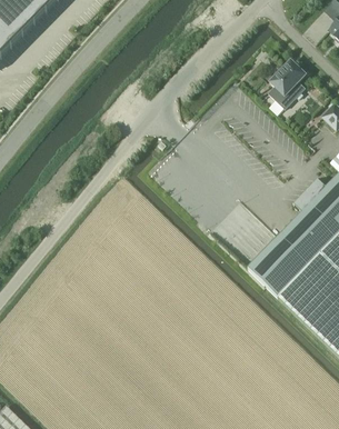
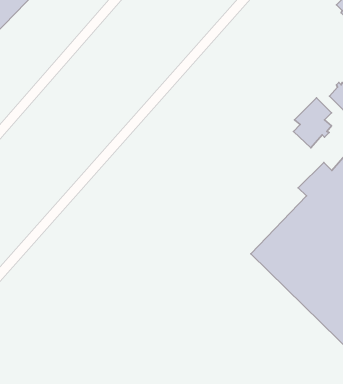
building: [268,60,305,108] -> [293,98,332,148]

